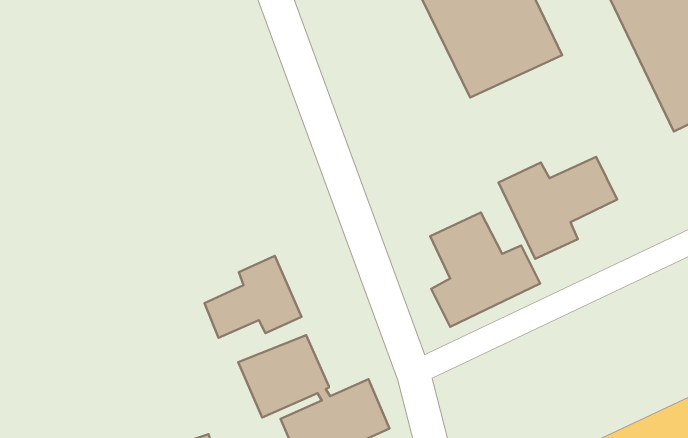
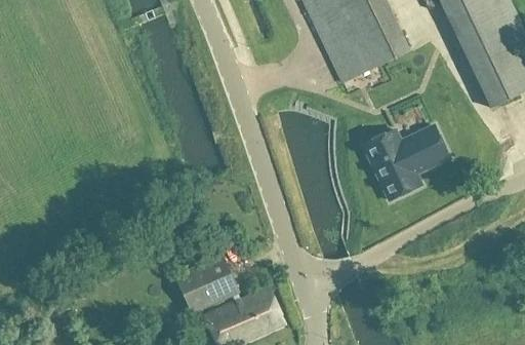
building: [430,213,540,327] -> none
building: [204,256,301,338] -> none

